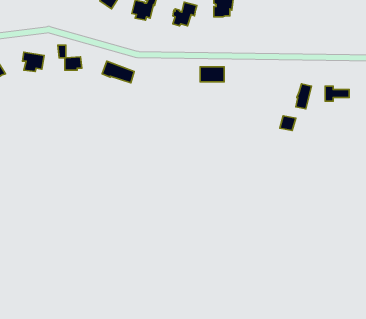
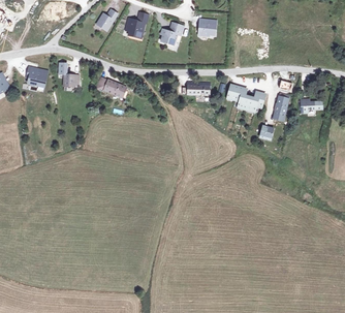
building: none -> [227,85,264,109]

